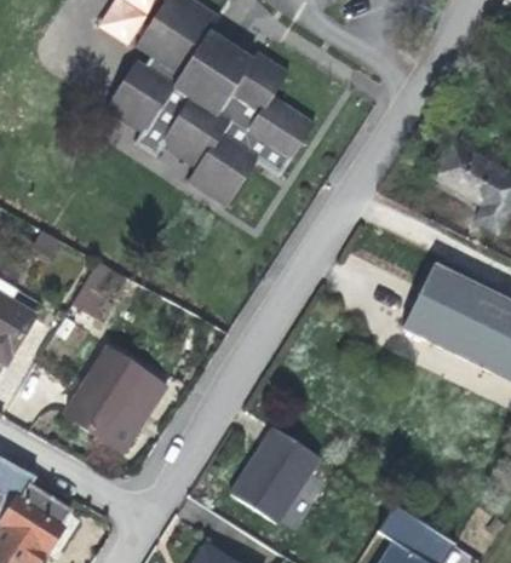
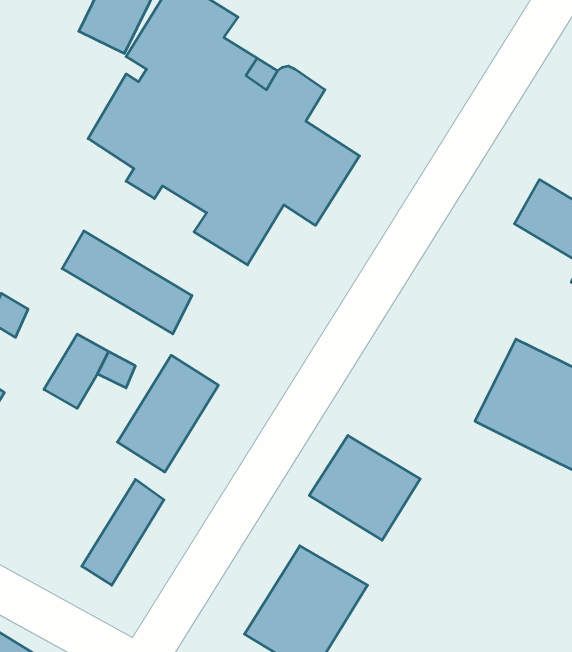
building: none -> [62,231,192,334]
building: none -> [309,435,420,540]
building: [65,349,143,438] -> [117,355,218,472]

